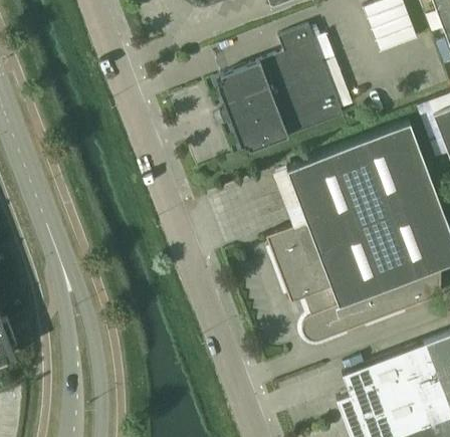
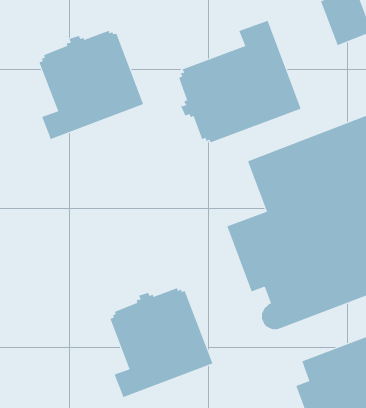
building: none -> [38,30,144,140]
building: none -> [110,287,213,398]

